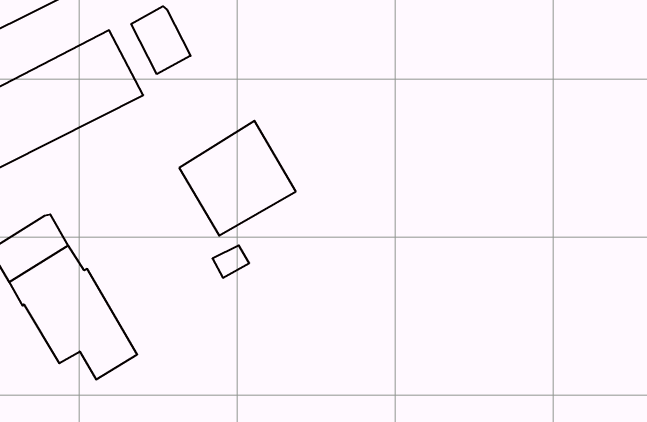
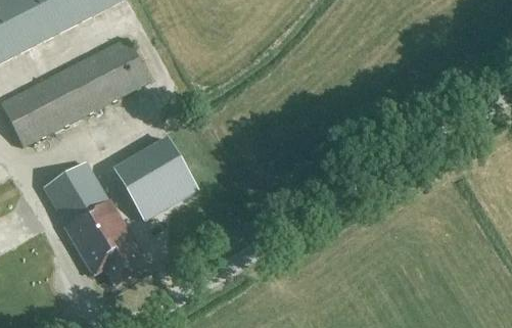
building: [131,6,191,74] -> none
building: [179,121,296,236] -> [115,141,196,221]

